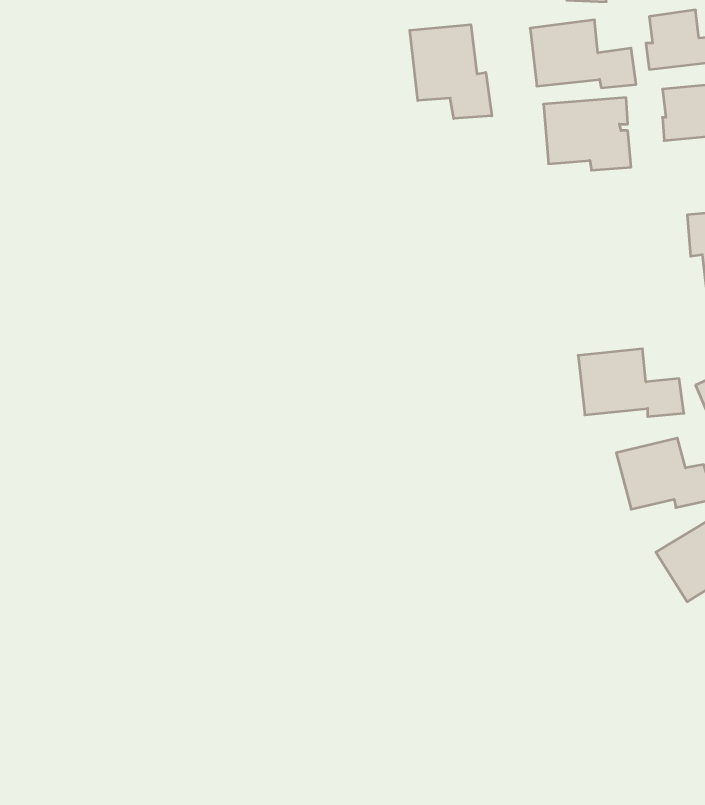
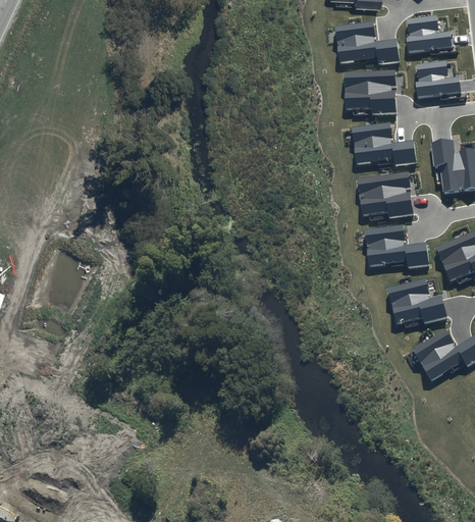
building: [410,25,492,119] -> none
building: none -> [352,124,417,166]
building: none -> [358,174,413,220]

